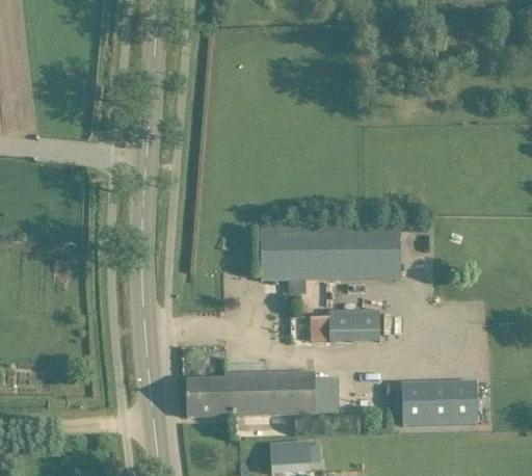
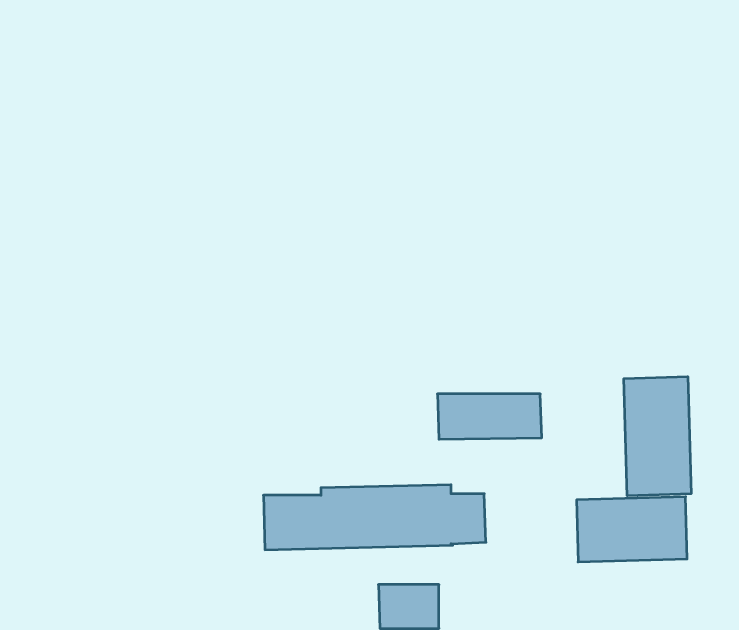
building: [261,226,402,280] -> none
building: none -> [624,377,691,496]

